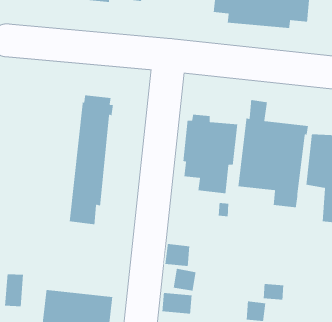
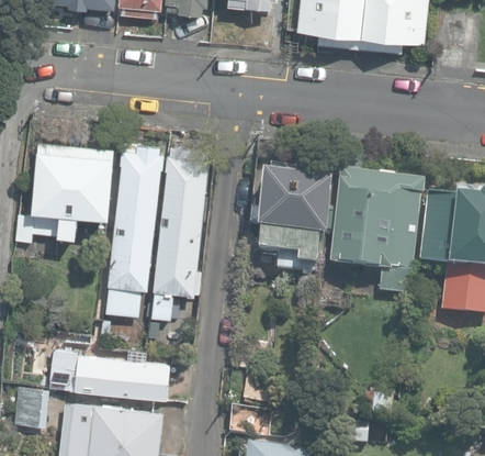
building: none -> [16,149,114,243]
building: none -> [151,156,208,320]
building: none -> [49,349,171,400]

